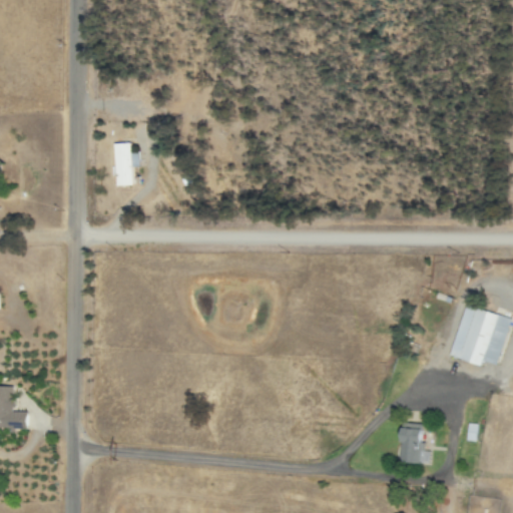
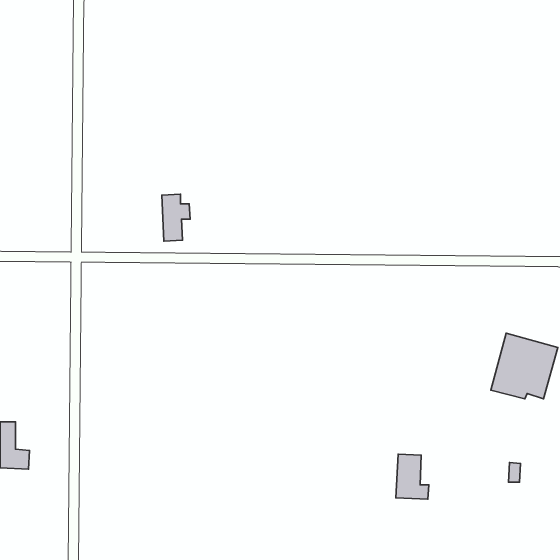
building: [113,143,139,186] -> [162,194,190,241]
building: [401,423,431,464] -> [396,454,429,499]

